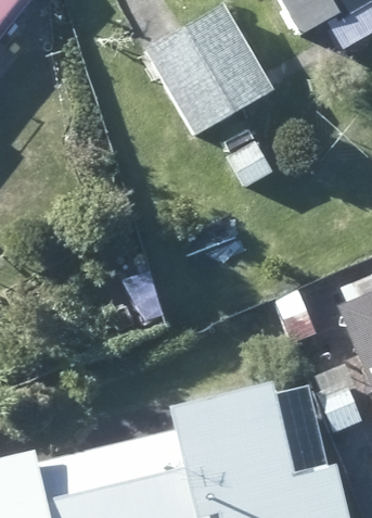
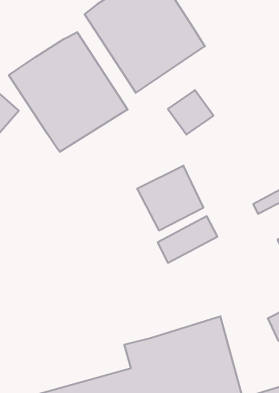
building: none -> [9,32,128,152]

